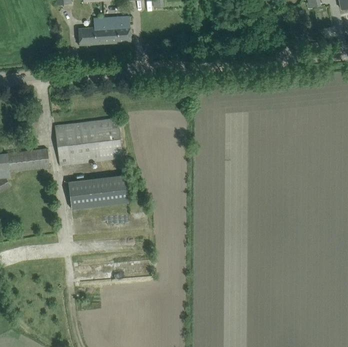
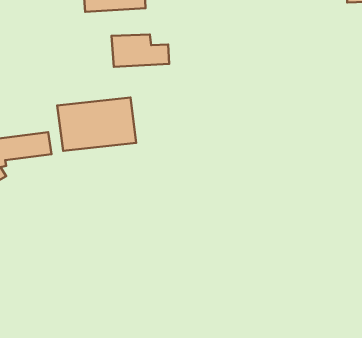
building: none -> [111,35,169,67]
building: [68,174,127,209] -> none

